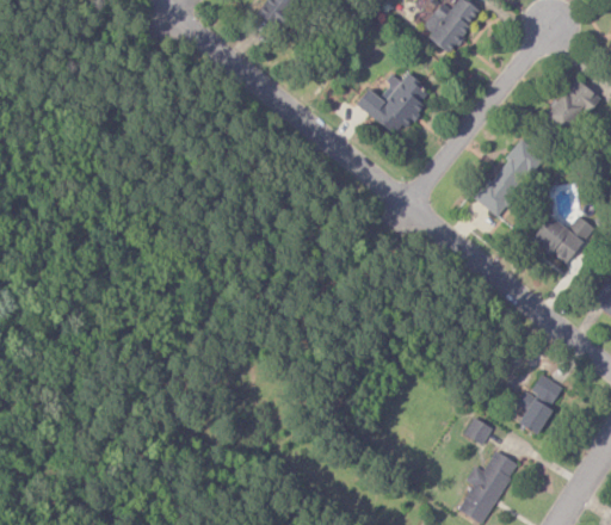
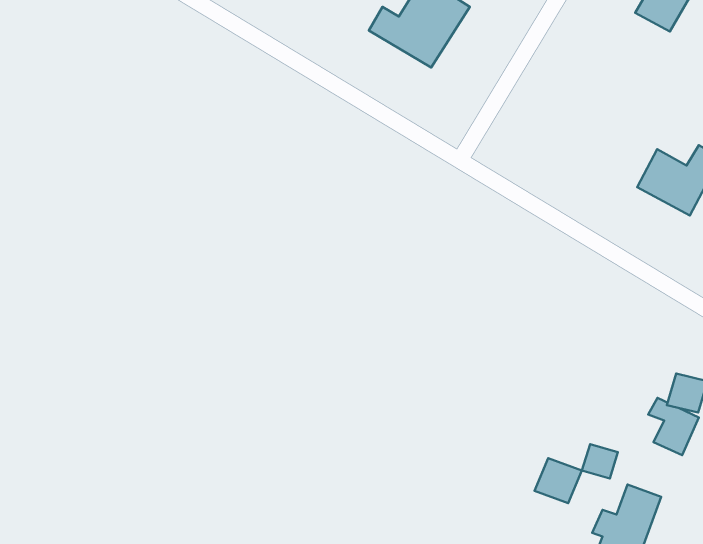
building: [475,141,543,215] -> none
building: none -> [534,458,582,503]

